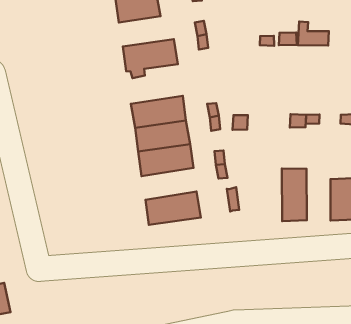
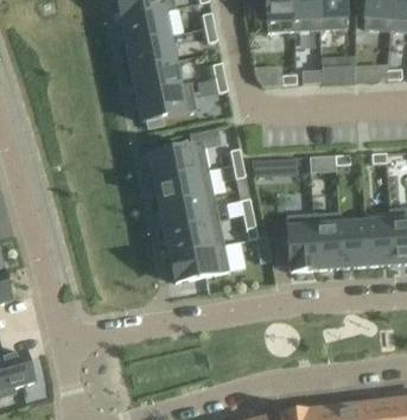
building: none -> [131,59,190,94]
building: none -> [338,211,367,267]
building: none -> [164,218,223,255]
building: none -> [286,214,316,271]

